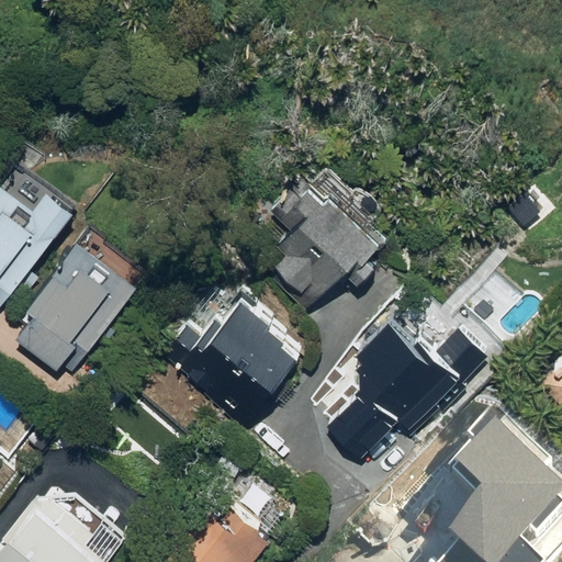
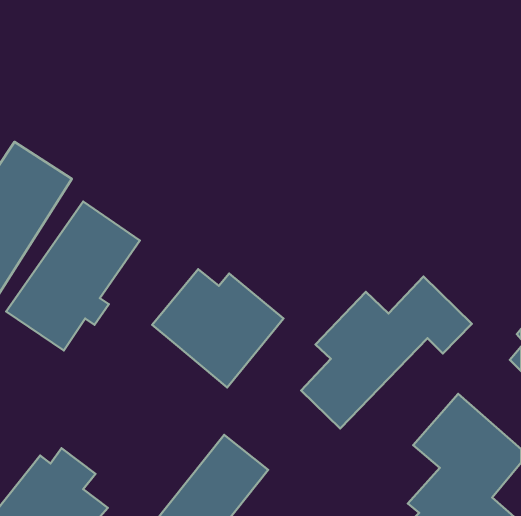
building: [267,159,402,308] -> none

